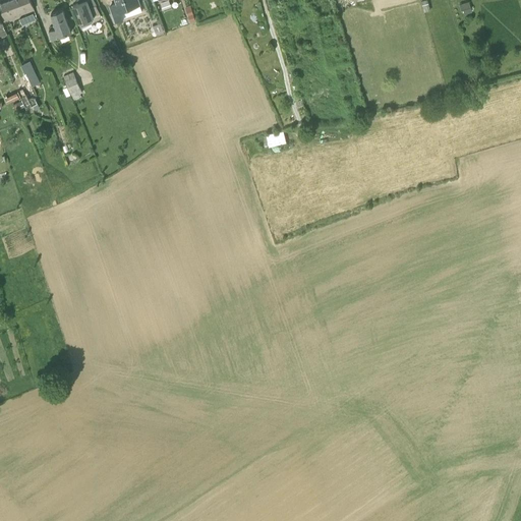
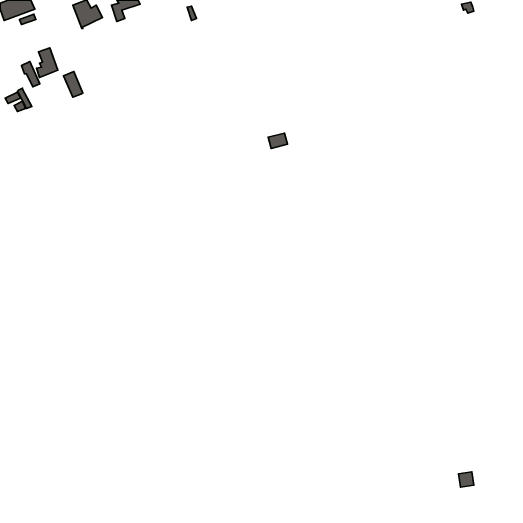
building: [49,9,70,39] -> [36,48,58,77]

